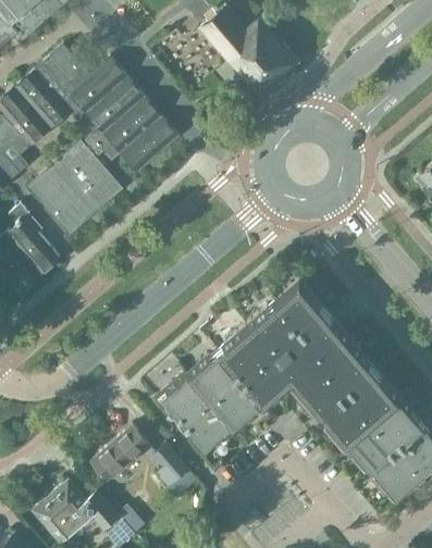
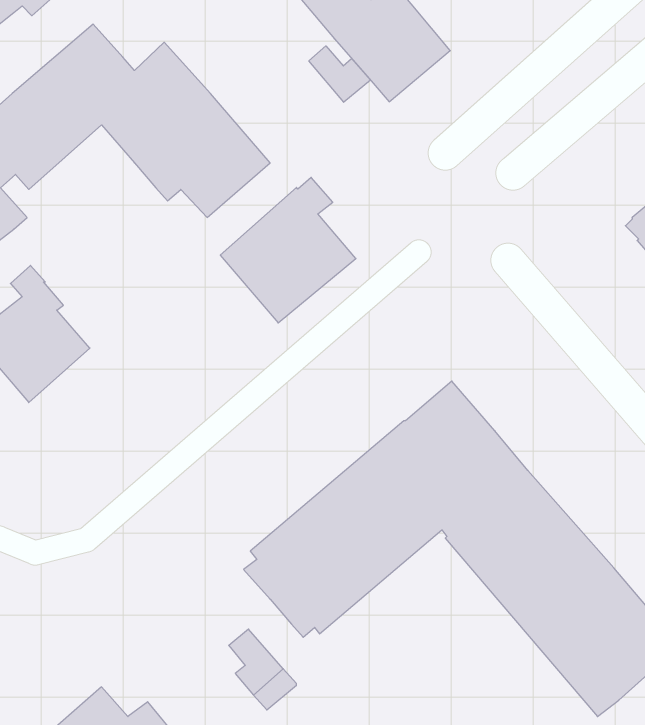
building: none -> [309,46,370,102]
building: [29,137,119,233] -> [220,177,356,323]
building: [90,426,149,482] -> none

